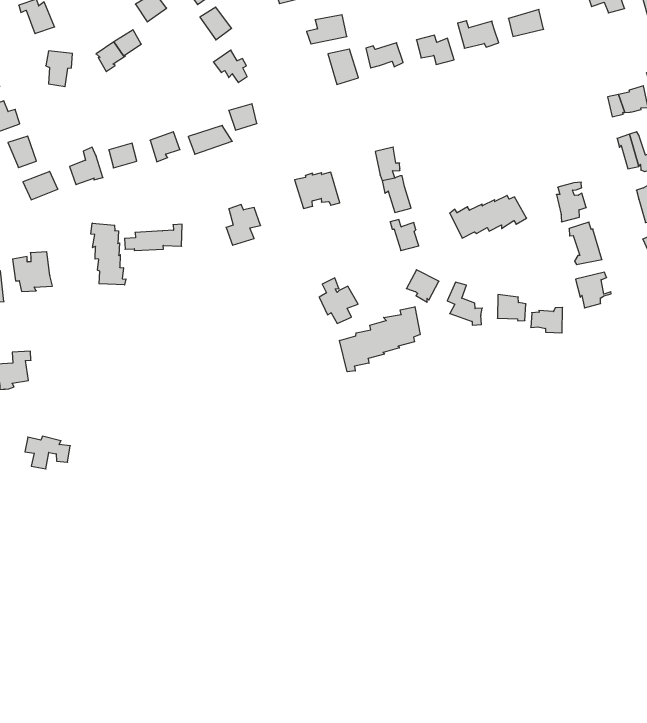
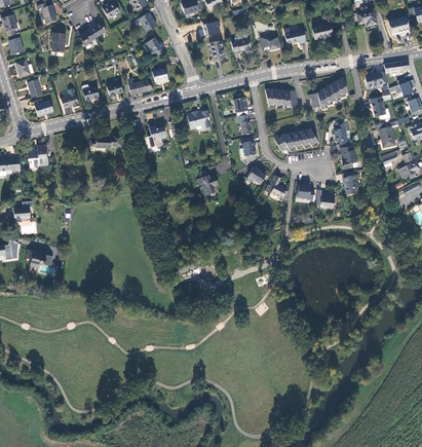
building: none -> [307,78,348,114]
building: none -> [264,88,297,107]
building: [91,223,126,285] -> none
building: [339,307,420,372] -> none

